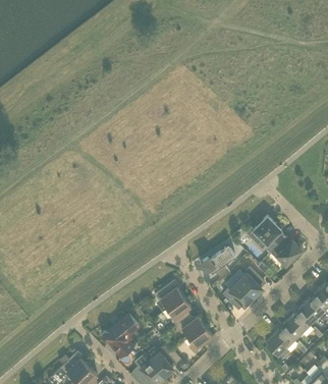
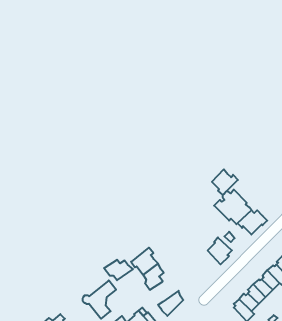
building: none -> [212,169,238,195]
building: [201,248,235,281] -> none
building: [224,283,253,310] -> none
building: [175,317,207,339] -> [104,260,133,280]

